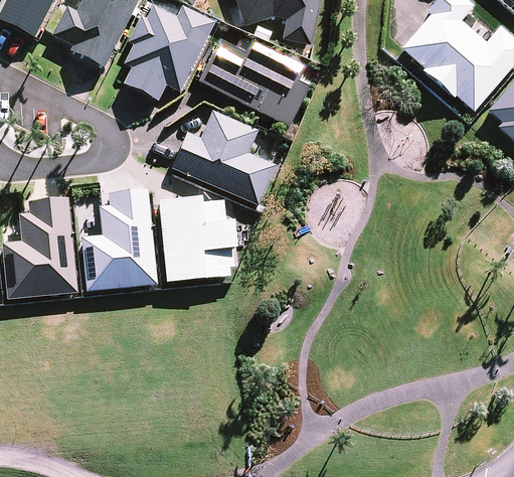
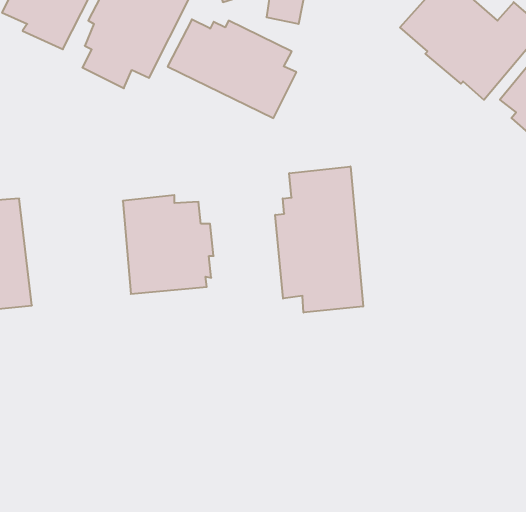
building: [171,111,278,205] -> none
building: none -> [275,166,363,313]
building: [81,189,158,291] -> none

